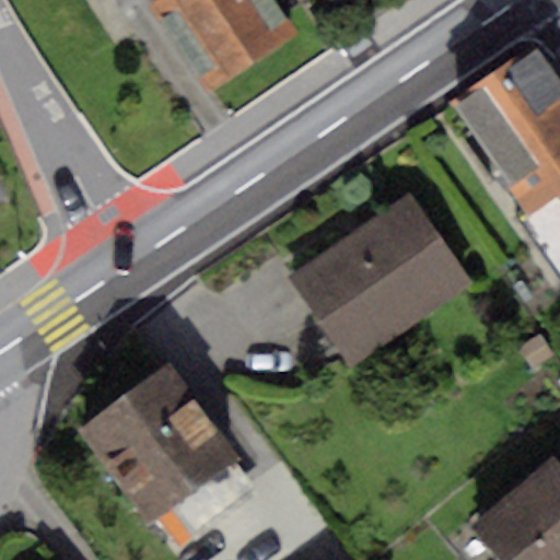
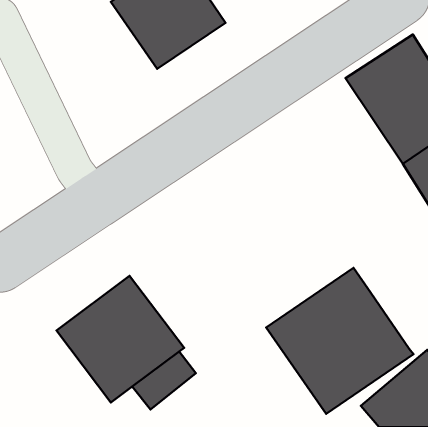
building: [292,194,470,363] -> none
building: none -> [266,268,413,414]

